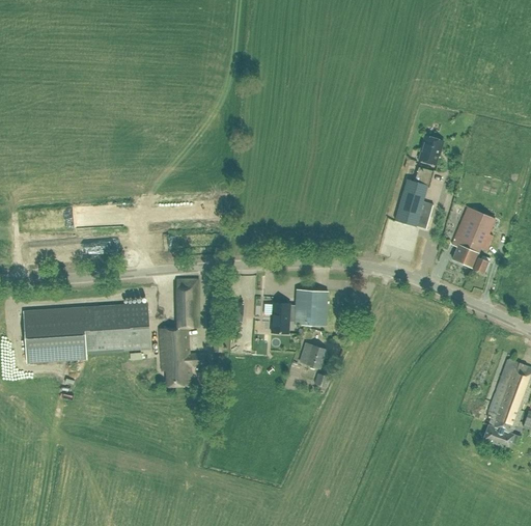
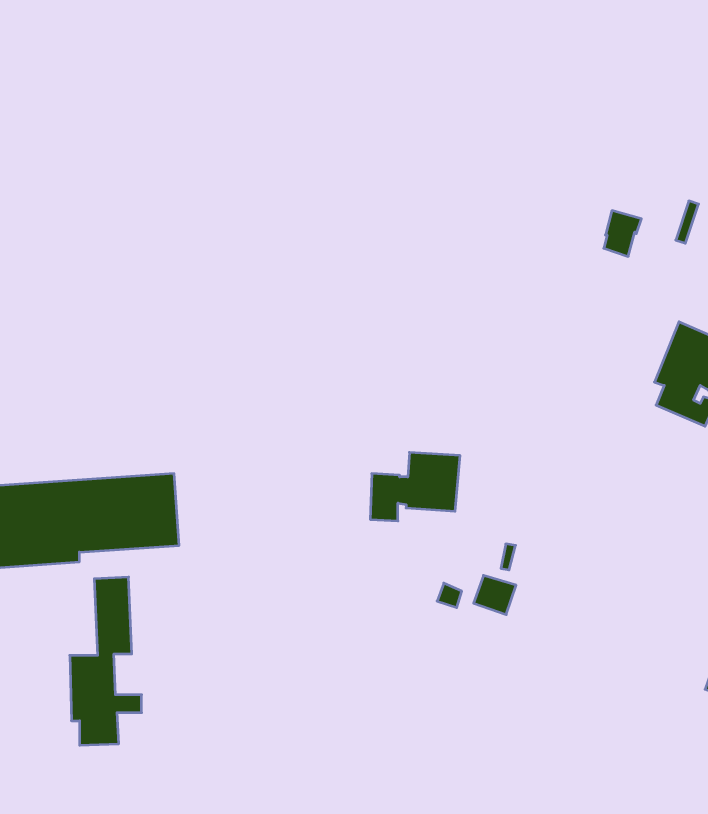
building: [394,166,432,227] -> none
building: [160,278,205,385] -> [70,577,142,745]
building: [299,342,326,367] -> [474,575,516,615]

